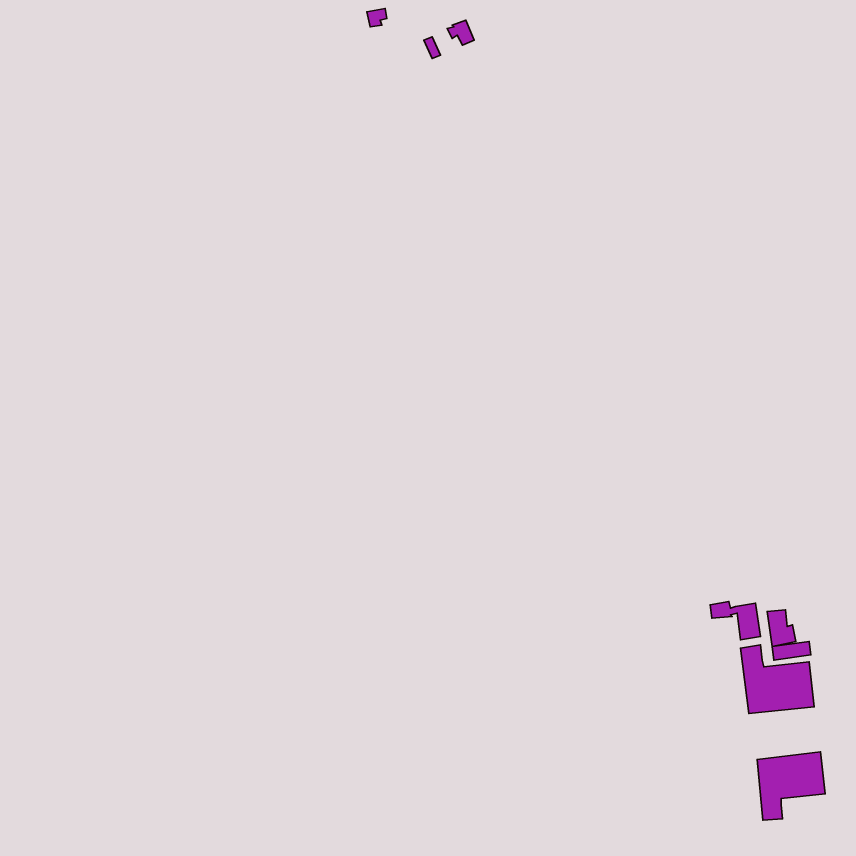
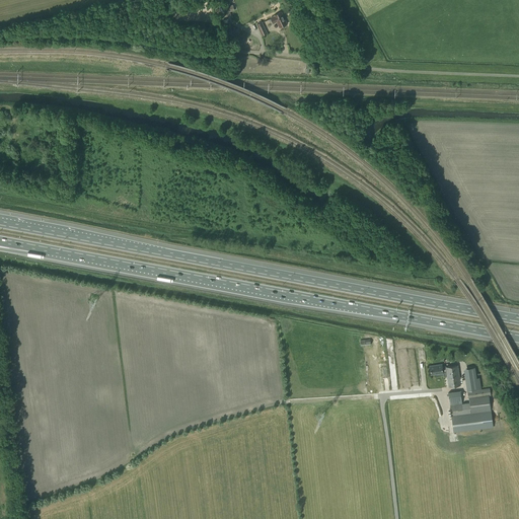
building: [757,752,825,820] -> none

